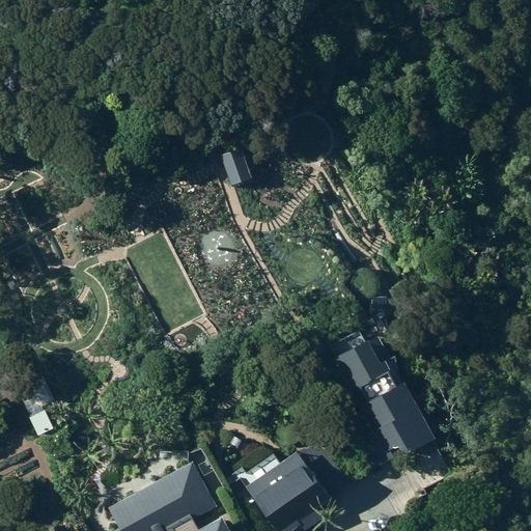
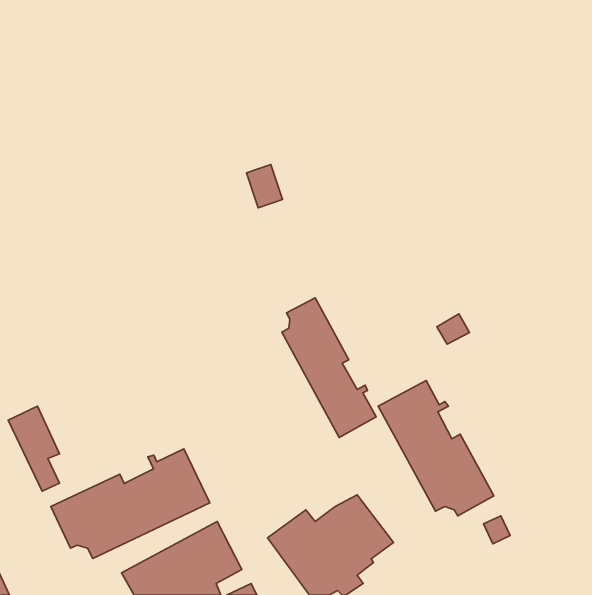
building: none -> [282,298,376,437]
building: none -> [51,449,210,558]

